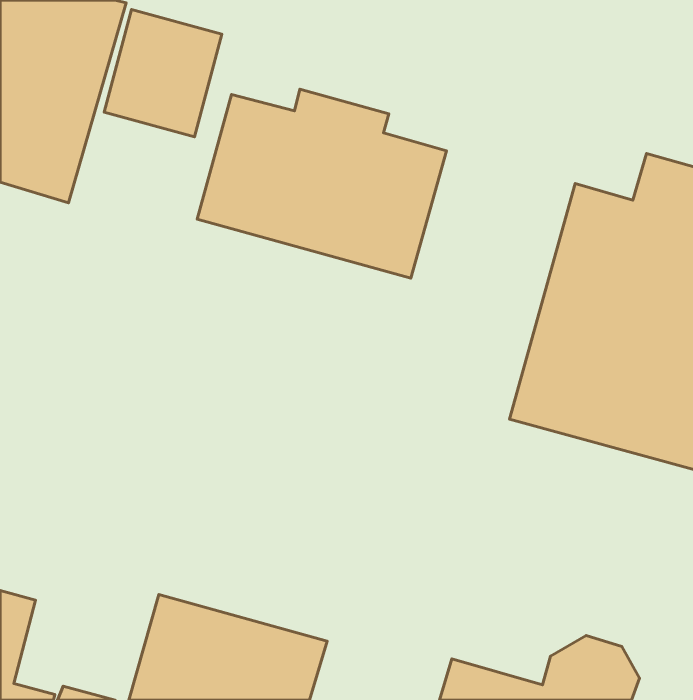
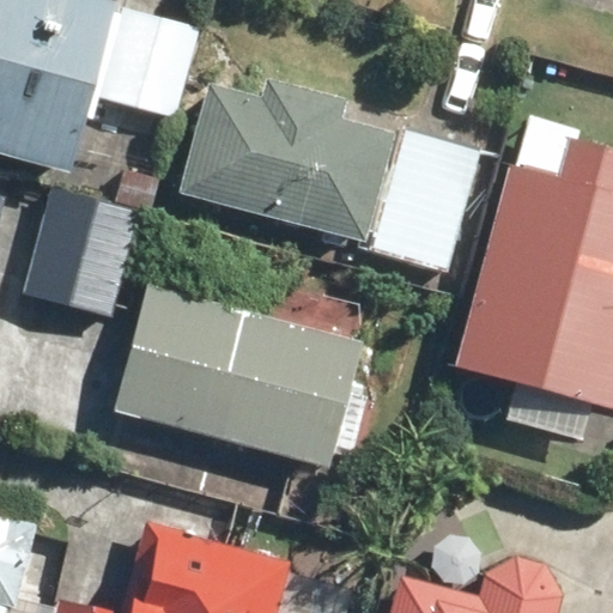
building: none -> [369,126,482,273]
building: none -> [20,184,139,320]
building: none -> [113,286,364,469]

